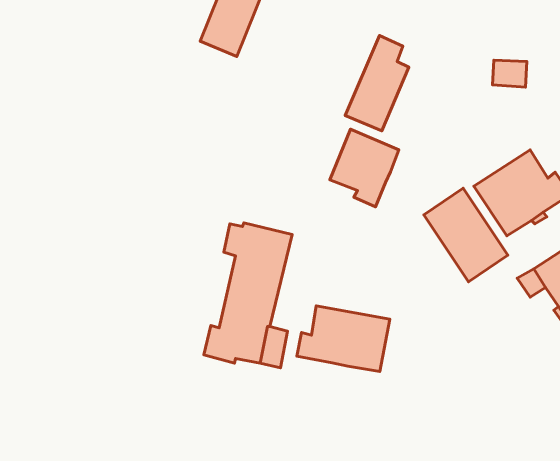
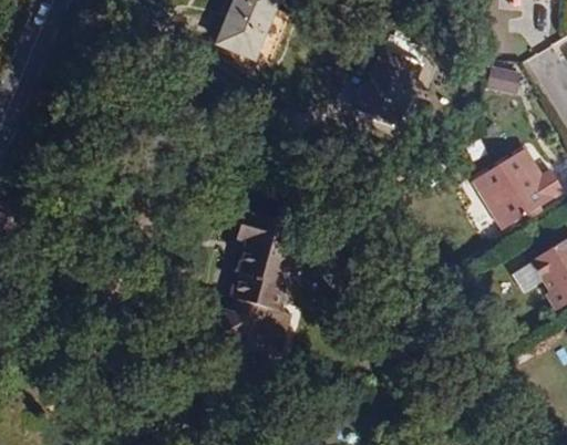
building: [330,129,399,207] -> none
building: [424,188,508,282] -> none
building: [297,306,390,371] -> none

